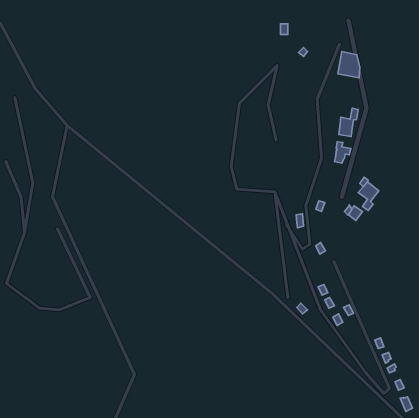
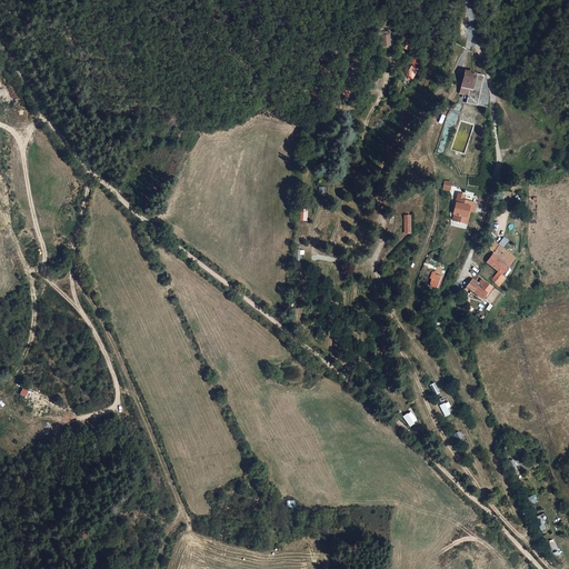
building: [339,108,358,136] -> none

